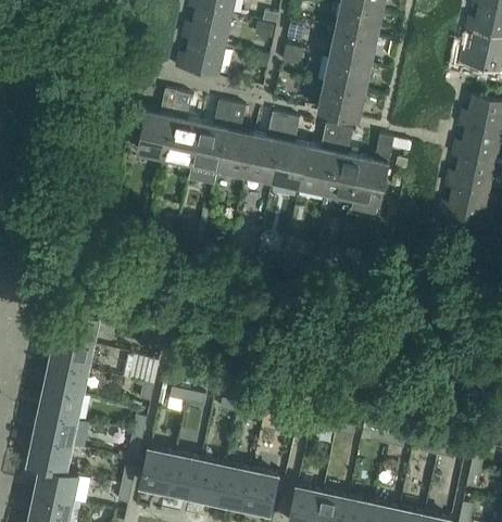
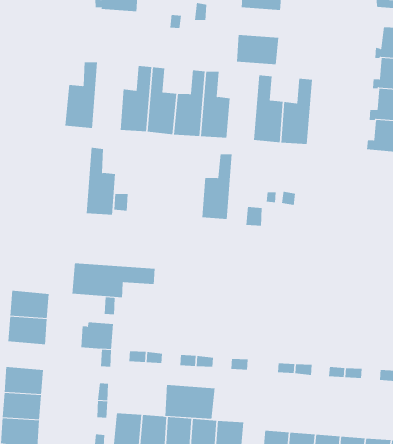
building: [175,40,225,78] -> none
building: [324,58,371,93] -> none
building: [164,93,200,165] -> [86,147,116,215]
building: [299,126,339,193] -> [201,154,233,219]
building: none -> [72,263,155,298]
building: [43,362,87,396] -> none
building: none -> [165,384,215,419]

